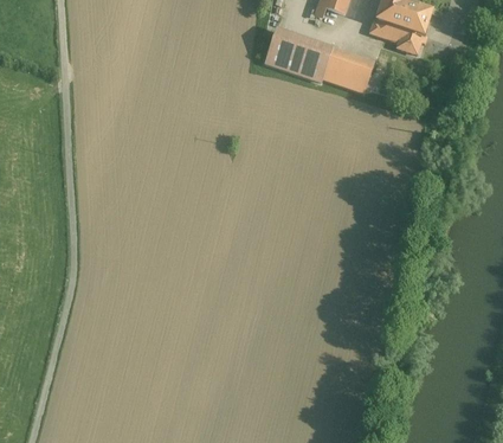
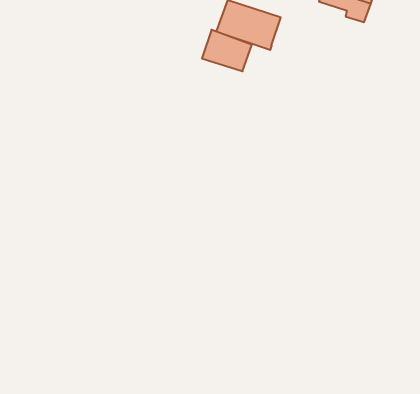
building: [321,49,372,91] -> [202,30,252,71]

